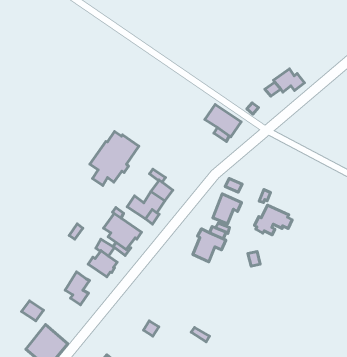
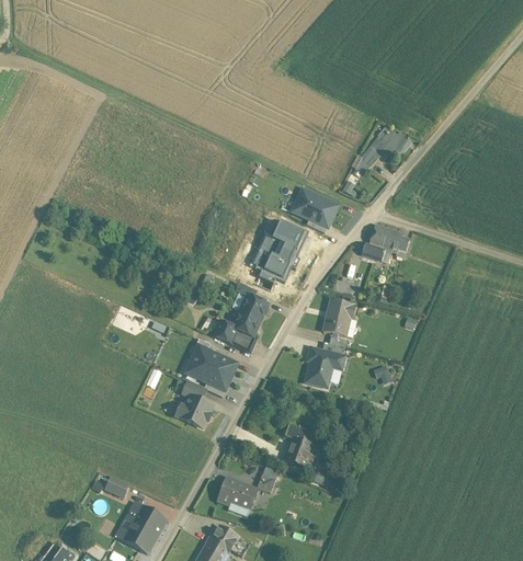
building: [90,132,139,186] -> [249,219,307,289]
building: [255,205,292,235] -> [362,225,408,261]
building: [65,272,89,305] -> none
building: none -> [284,424,311,467]
building: none -> [220,477,259,506]

